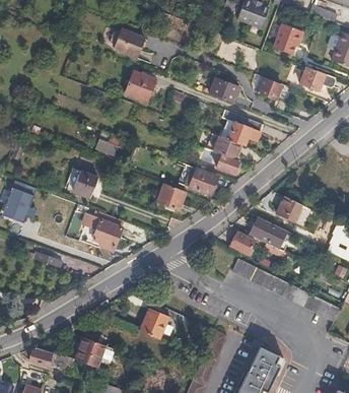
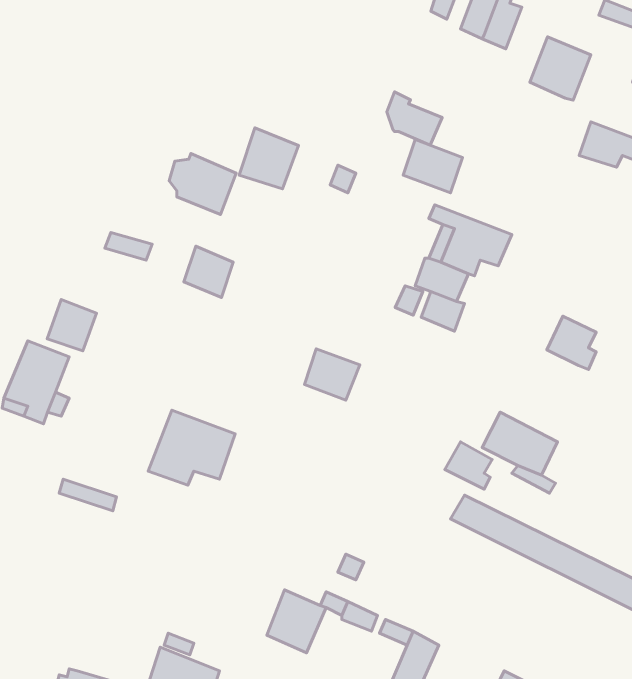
building: [110,26,144,58] -> [169,153,236,215]
building: [252,72,280,100] -> [387,92,442,145]
building: [182,162,218,194] -> none
building: [73,170,98,196] -> [47,299,97,351]
building: [276,196,301,223] -> [547,316,596,370]

